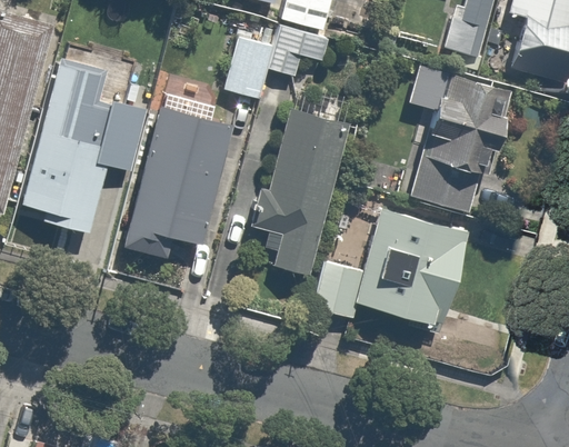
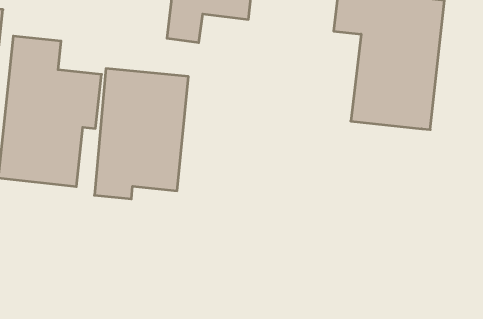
building: [248,105,346,271] -> none
building: [308,199,481,331] -> none

